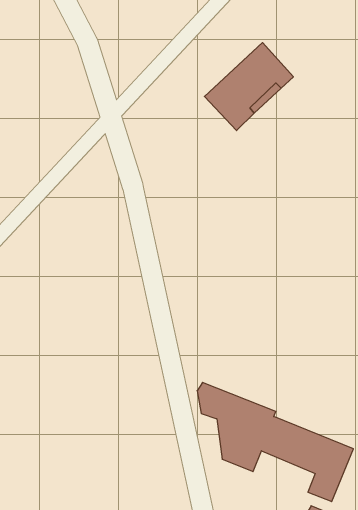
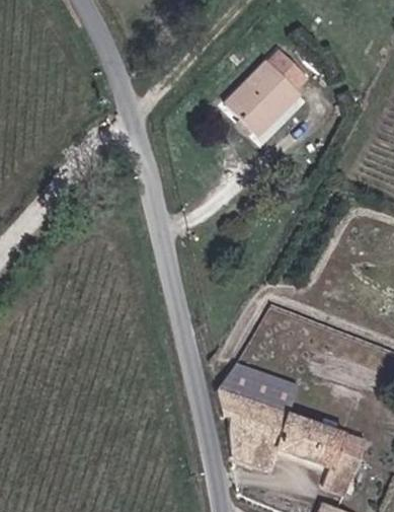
building: none -> [221,361,301,410]

